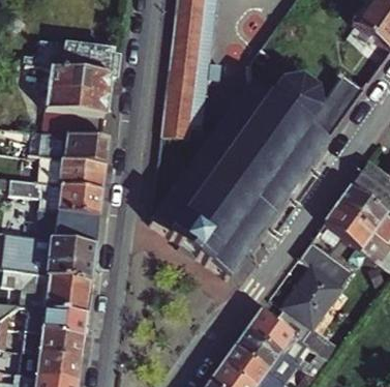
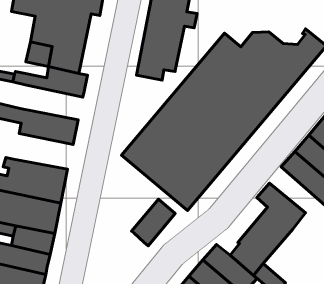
building: [39,155,106,188] -> none
building: [36,208,99,242] -> none
building: none -> [131,199,175,246]

